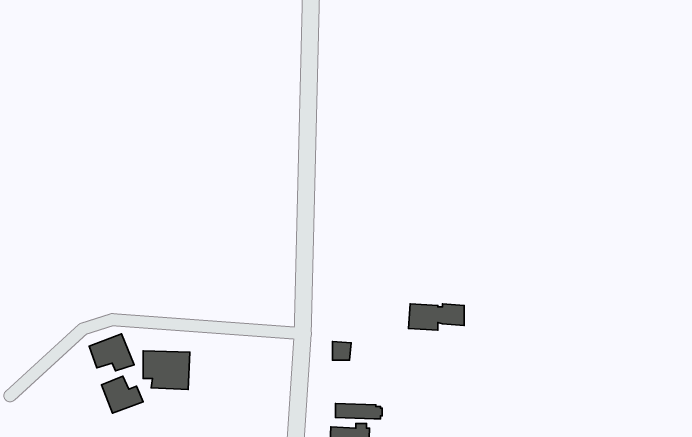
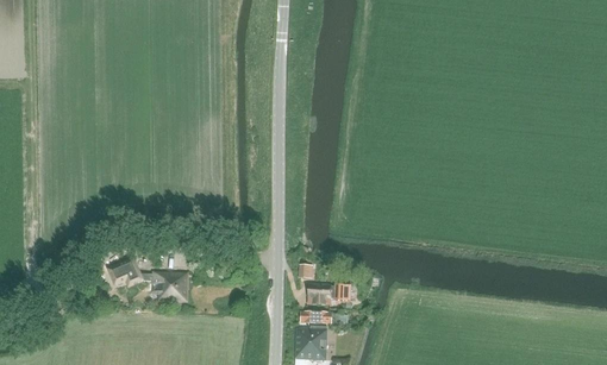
building: [408,304,464,330] -> [307,284,350,304]
building: [102,376,143,413] -> none

